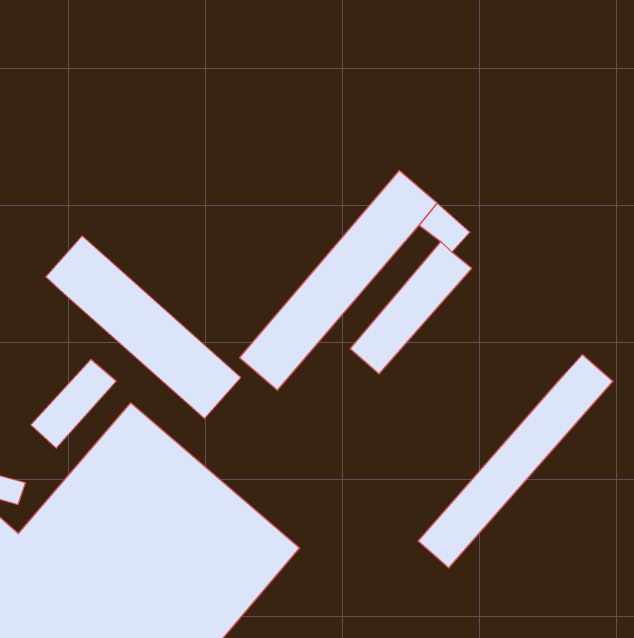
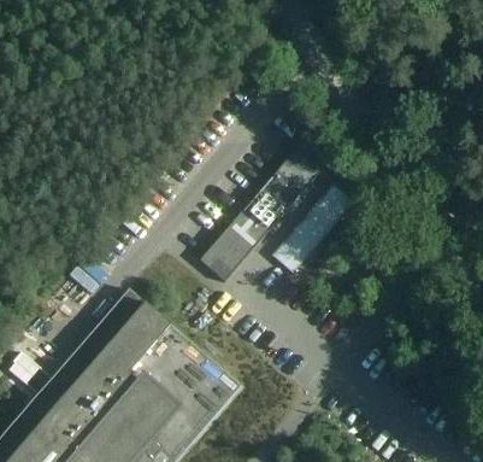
building: [46,236,241,418] -> none
building: [418,355,613,568] -> none

